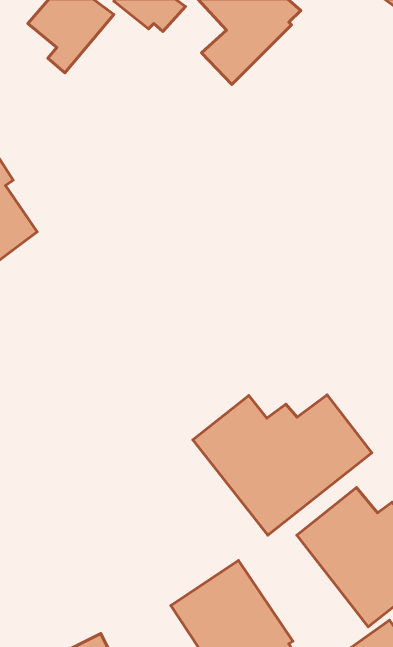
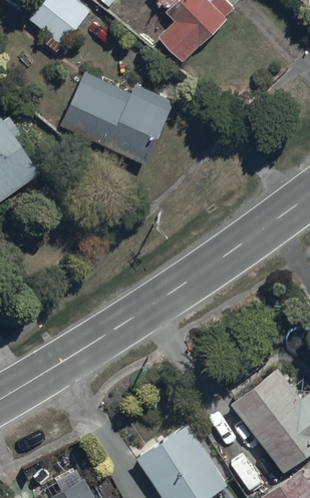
building: none -> [61,71,176,164]
building: [193,395,372,535] -> none

